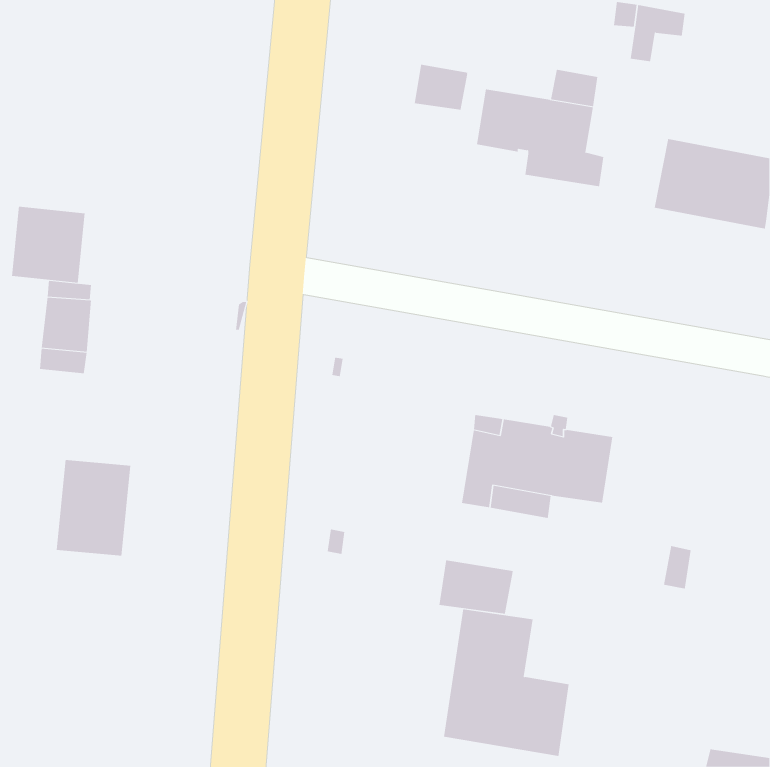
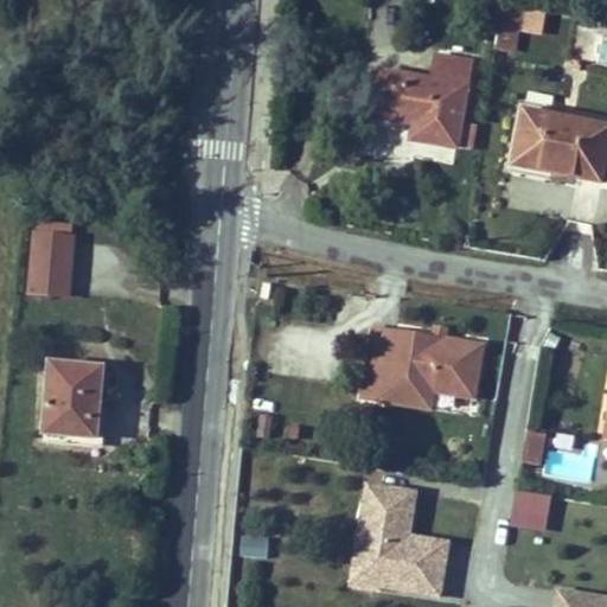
building: [414,64,468,110] -> none
building: [12,206,85,283] -> none
building: [439,560,514,615] -> none
building: none -> [510,488,550,531]

